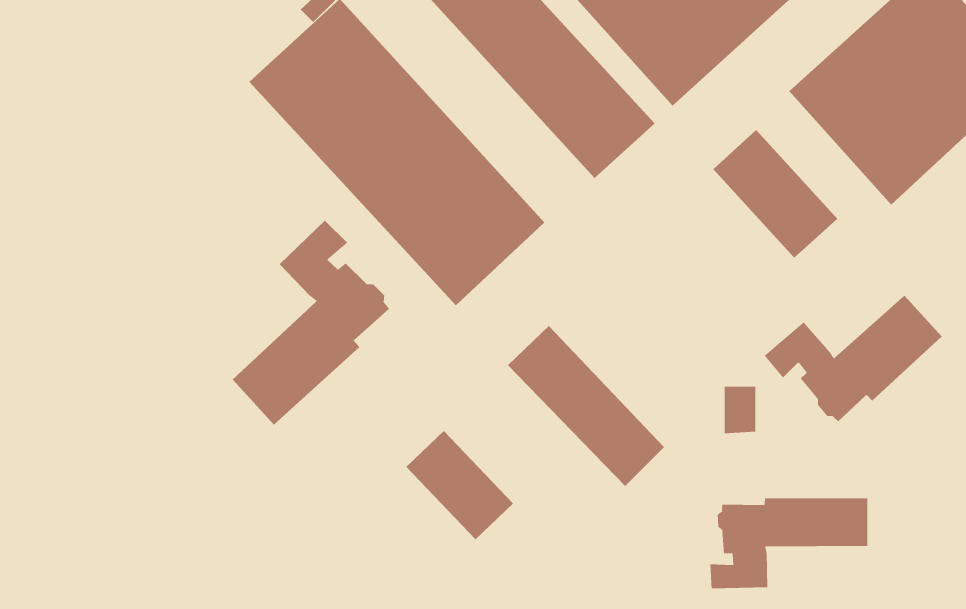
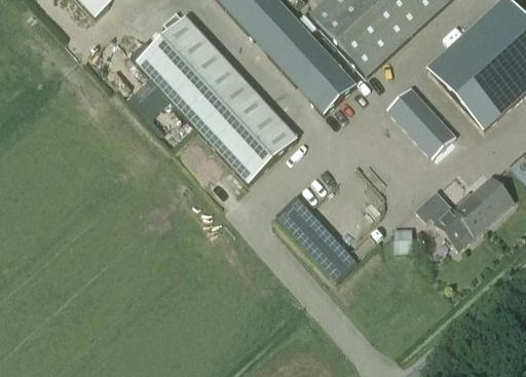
building: [232,220,390,425] -> none
building: [406,430,514,540] -> none
building: [710,497,868,589] -> none

